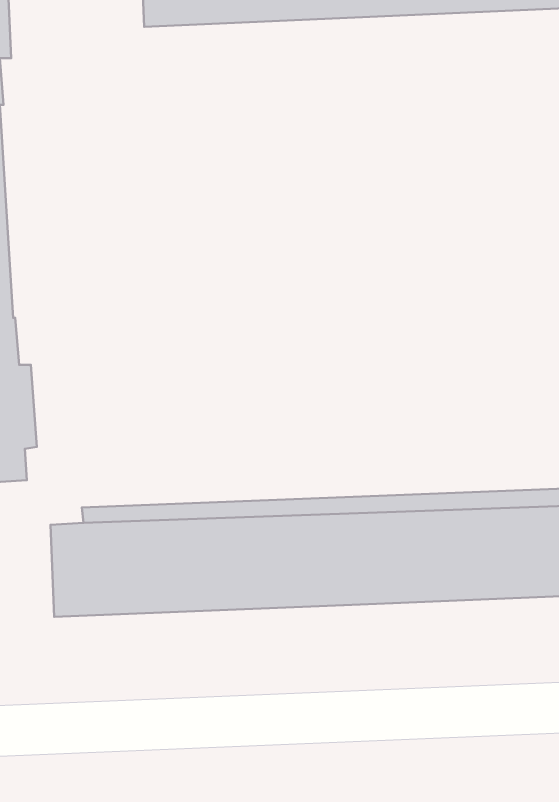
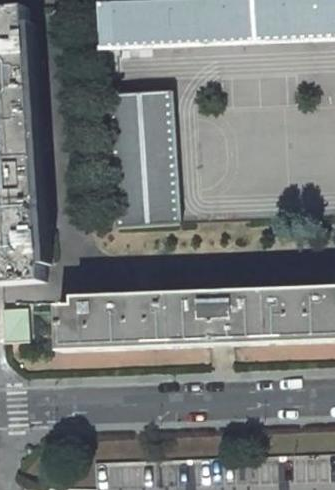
building: none -> [106,89,178,227]

